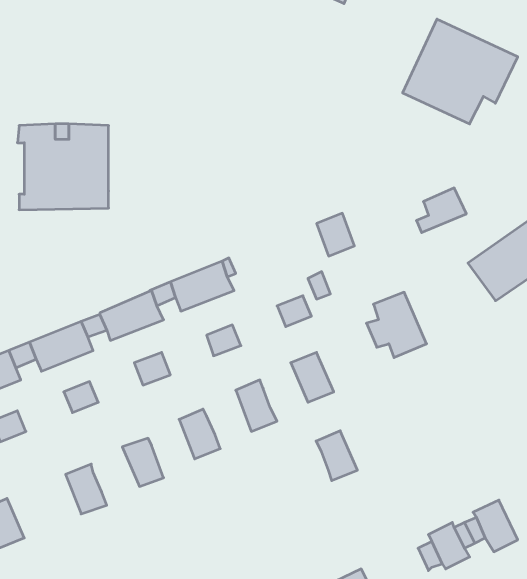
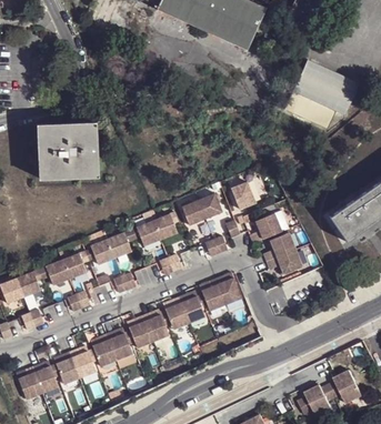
building: [416,188,466,233] -> [250,215,282,244]
building: none -> [182,194,222,225]
building: none -> [162,297,189,330]
building: none -> [127,316,152,349]
building: [316,431,357,481] -> [199,280,225,312]
building: none -> [90,334,117,366]
building: none -> [52,352,79,384]
building: none -> [31,361,58,393]

